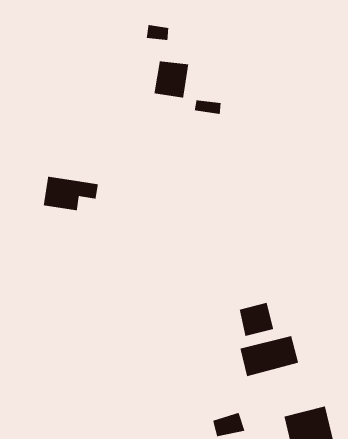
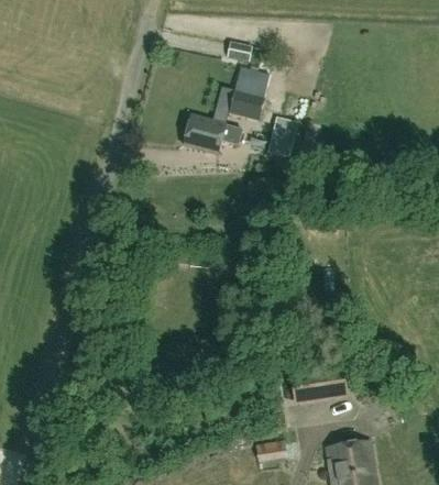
building: [43,176,99,211] -> [184,115,242,154]
building: [239,302,274,337] -> none

